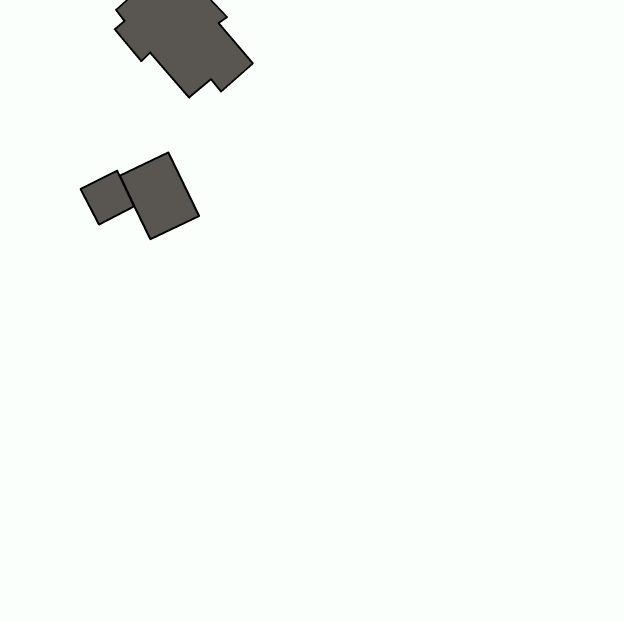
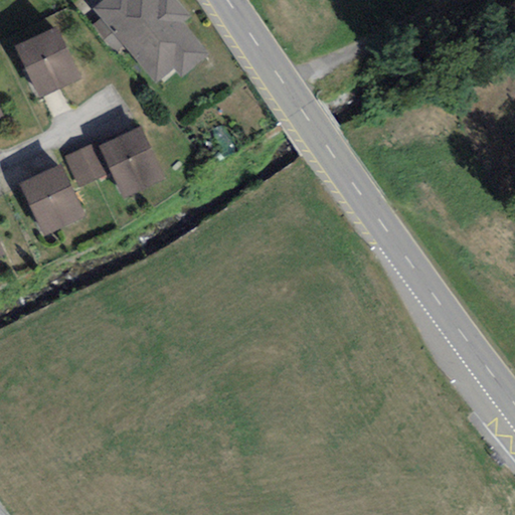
building: none -> [14,25,80,98]
building: none -> [20,164,84,234]

